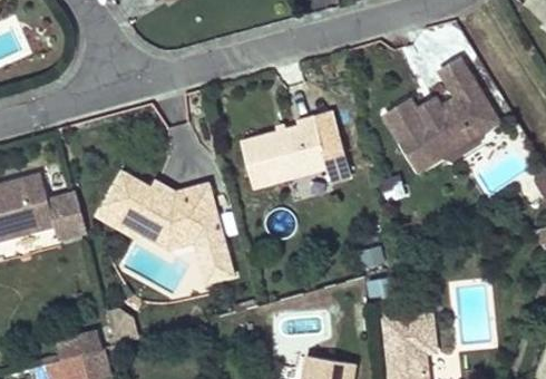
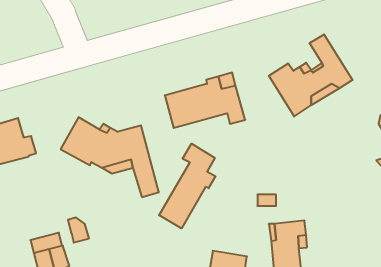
building: none -> [159,144,216,228]

